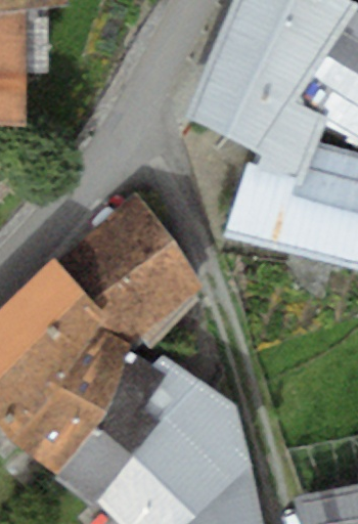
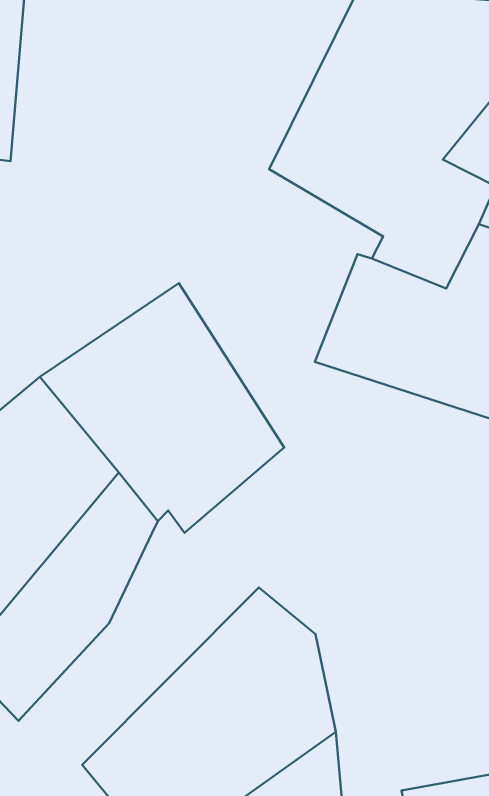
building: [55,351,199,505] -> none

